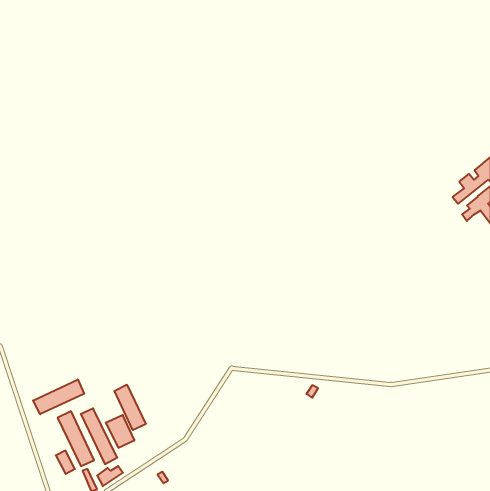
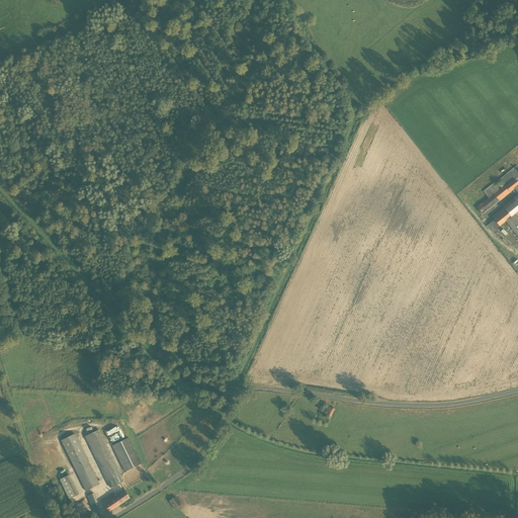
building: [33,379,84,414] -> none
building: [114,385,146,430] -> none

